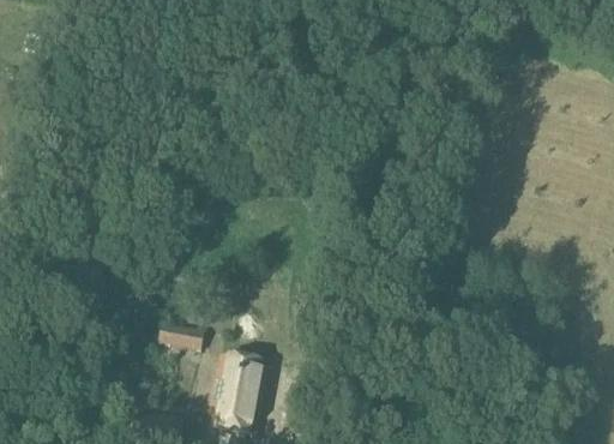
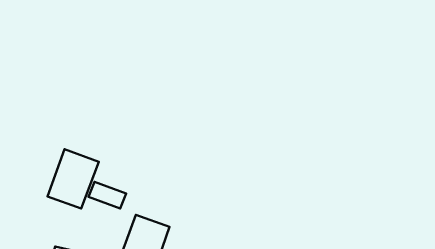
building: none -> [48,149,99,209]

